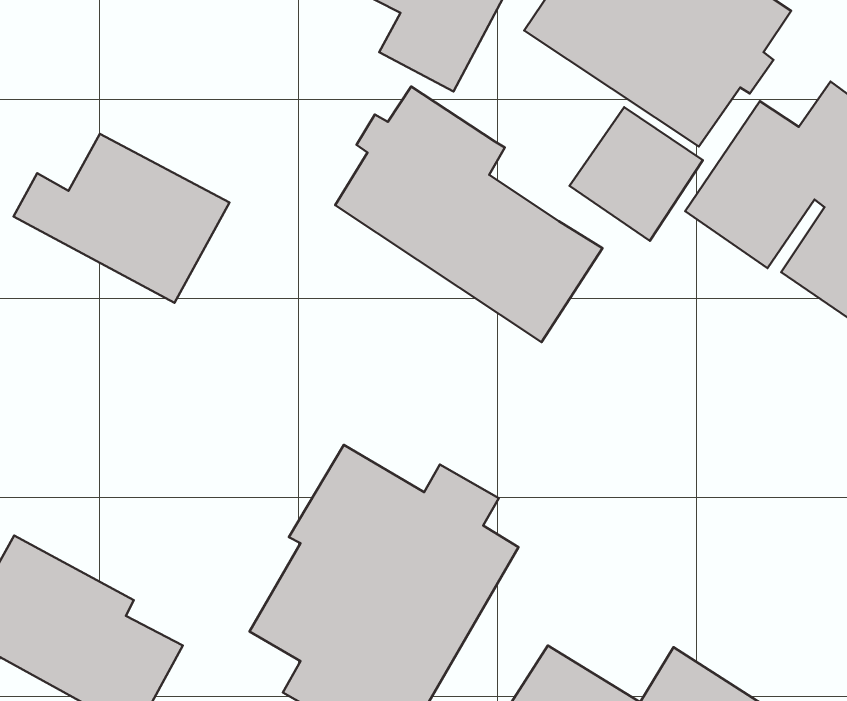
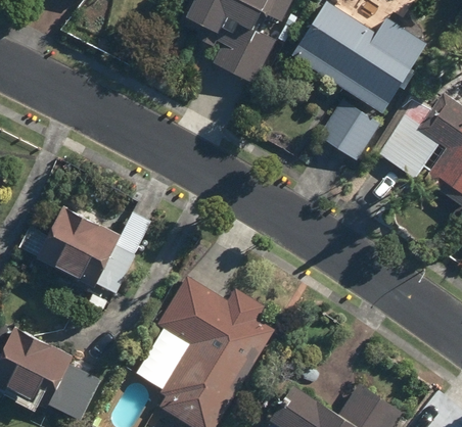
building: [335,86,603,342] -> none
building: [13,134,229,303] -> [20,202,133,290]

